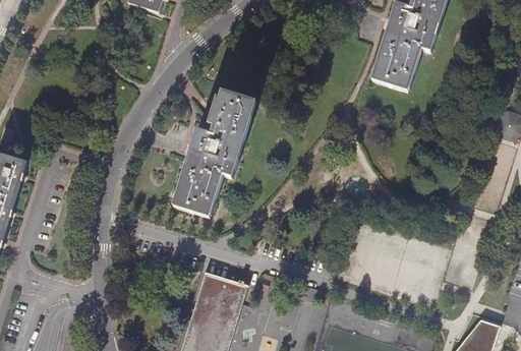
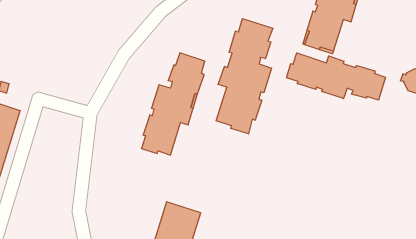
building: none -> [216,19,273,134]
building: none -> [286,53,385,100]

